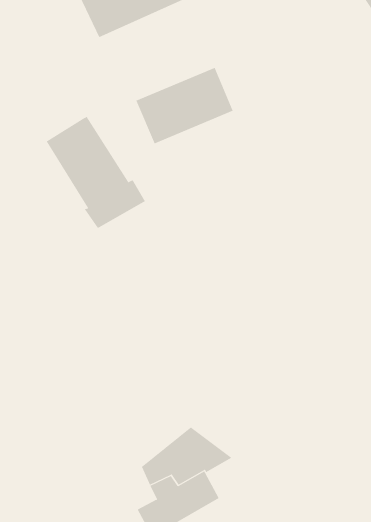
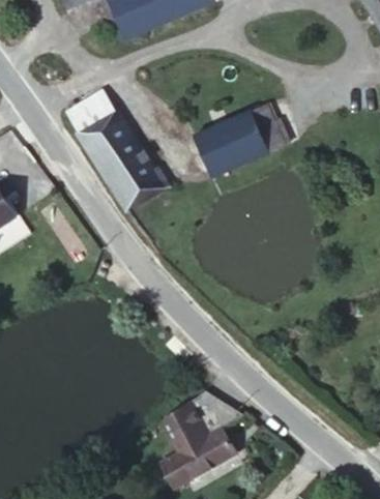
building: [136,67,233,144] -> [195,105,283,174]
building: none -> [66,89,114,131]

